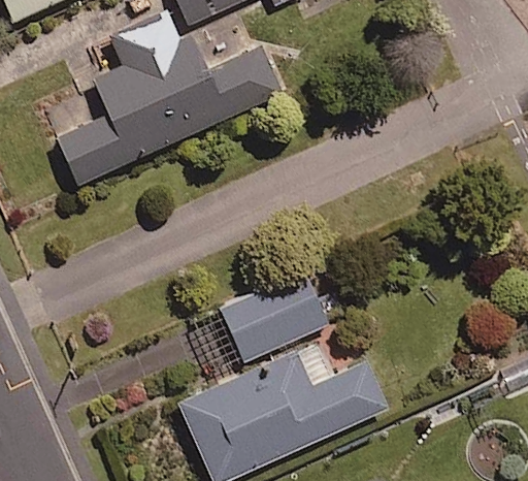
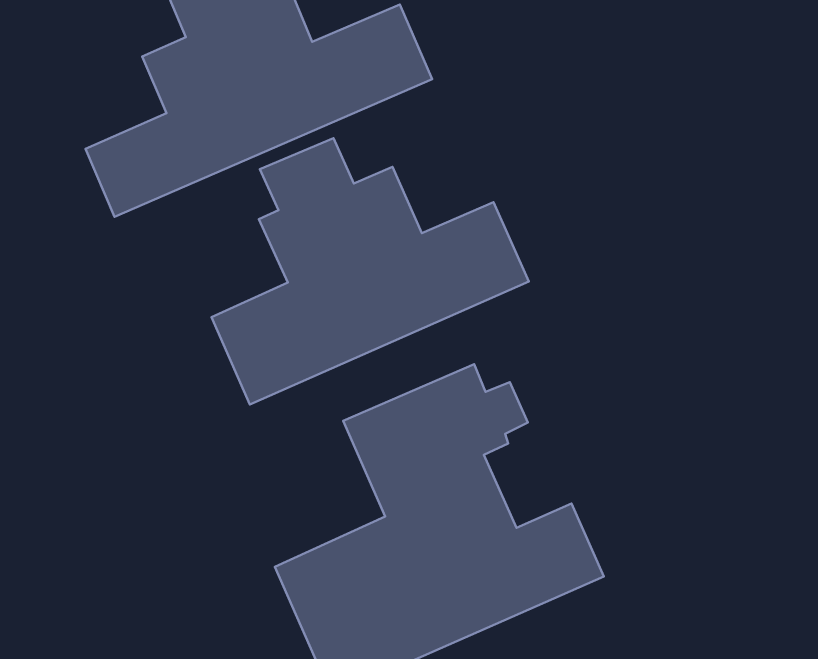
building: none -> [212,138,529,404]

